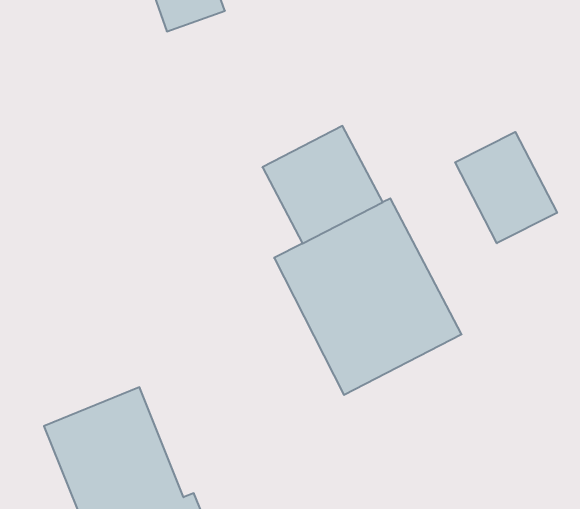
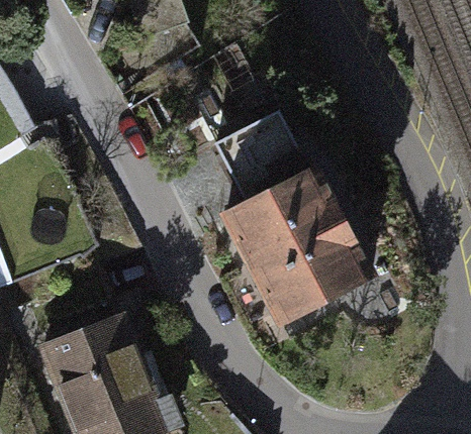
building: [455,132,557,243] -> none

